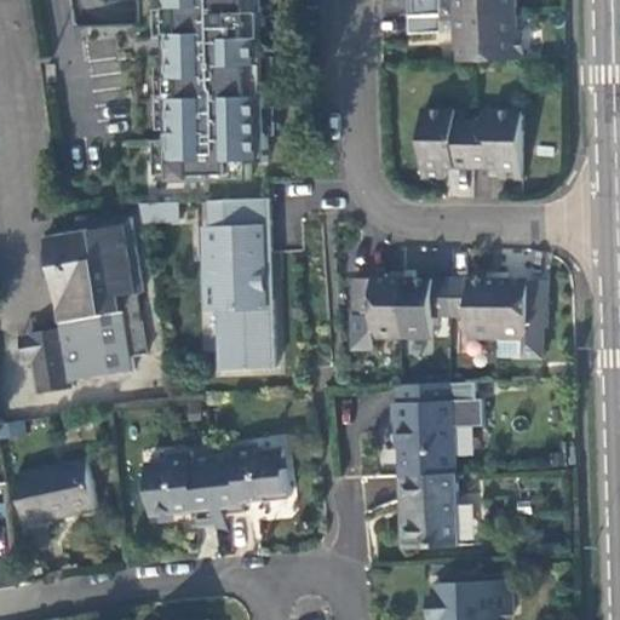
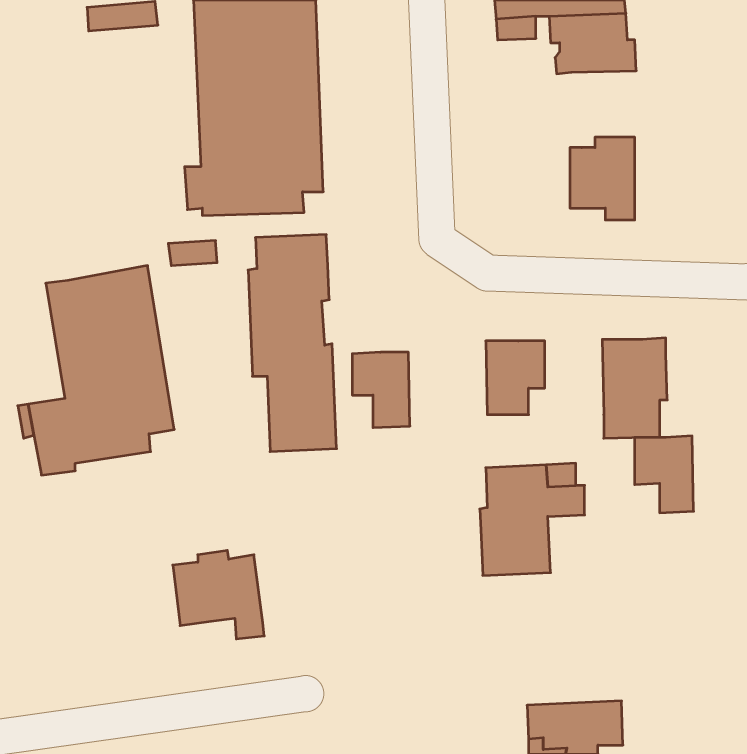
building: [420,111,467,180] -> none
building: [447,279,495,341] -> [635,436,694,513]
building: [352,280,400,341] -> [352,352,410,428]
building: [208,443,287,511] -> none
building: [15,459,94,528] -> none
building: [396,470,454,545] -> none

